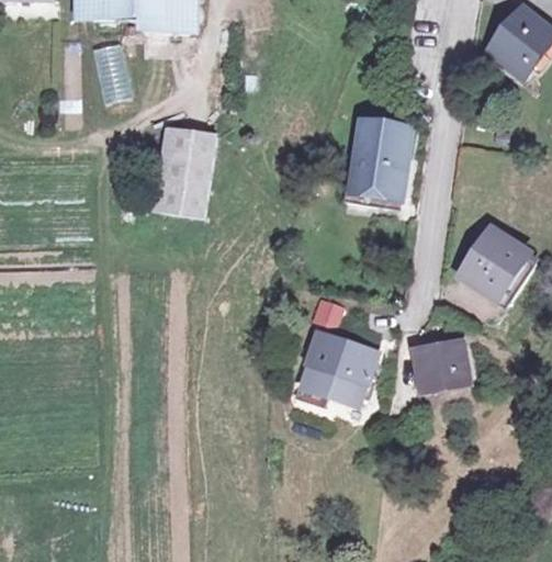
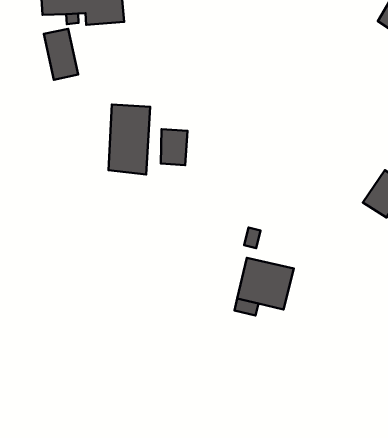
building: [348,126,405,200] -> none
building: none -> [161,129,187,165]
building: [425,346,465,378] -> none

